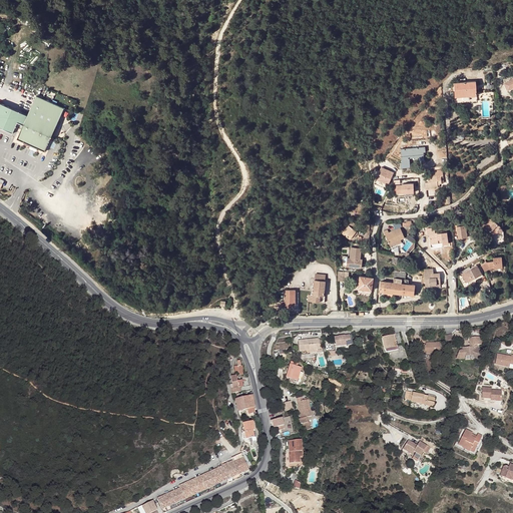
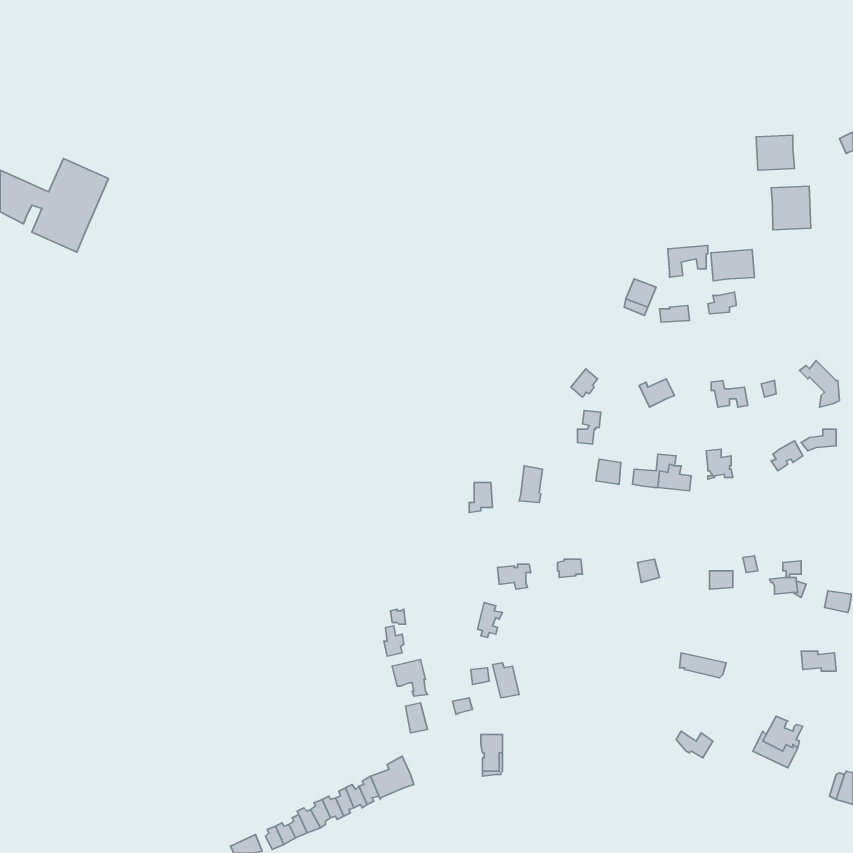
building: none -> [771,186,811,230]
building: none -> [711,249,754,281]

